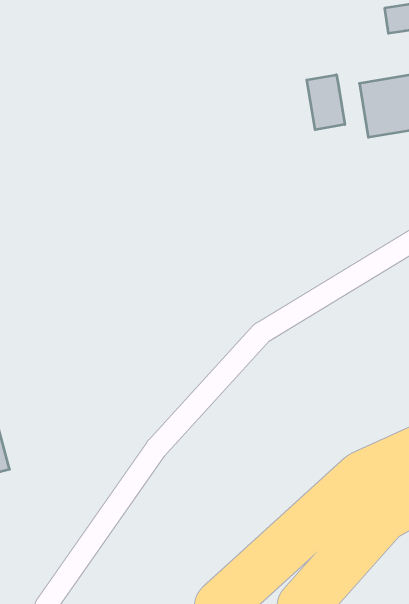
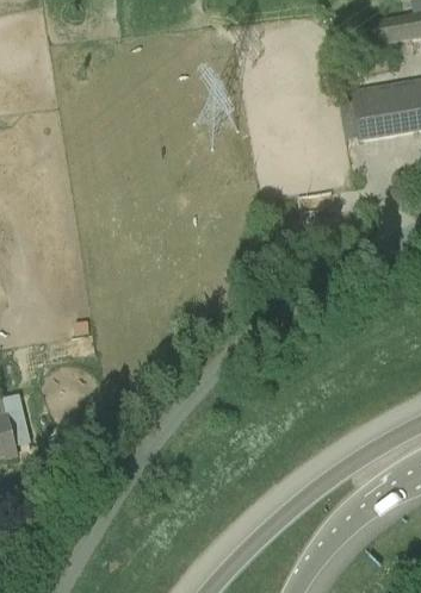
building: [307,75,345,130] -> none

